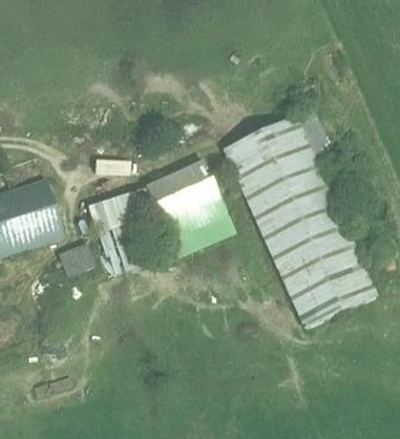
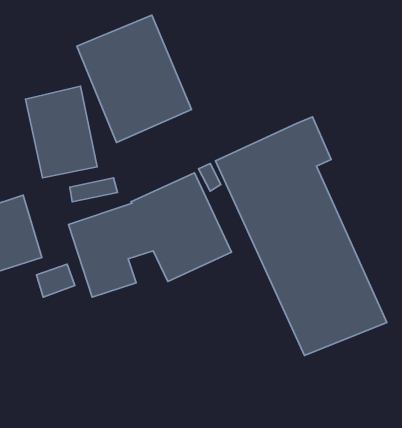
building: none -> [77,15,192,143]
building: none -> [26,86,97,178]

